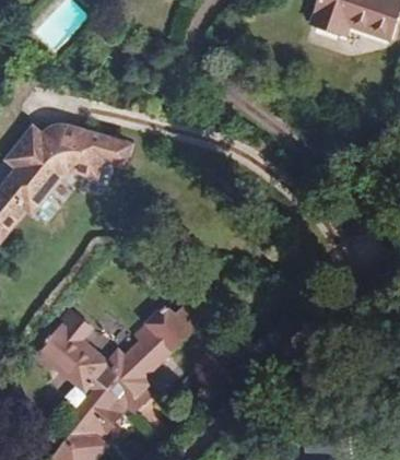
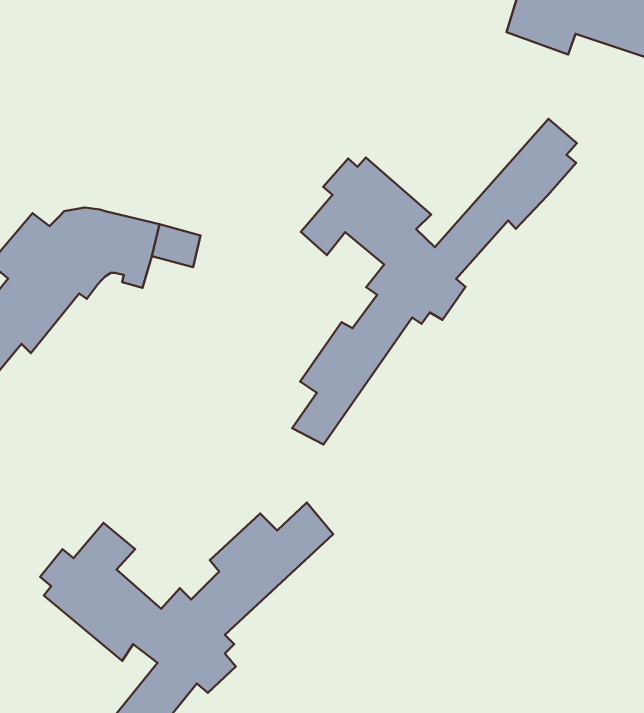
building: none -> [292,119,577,444]

